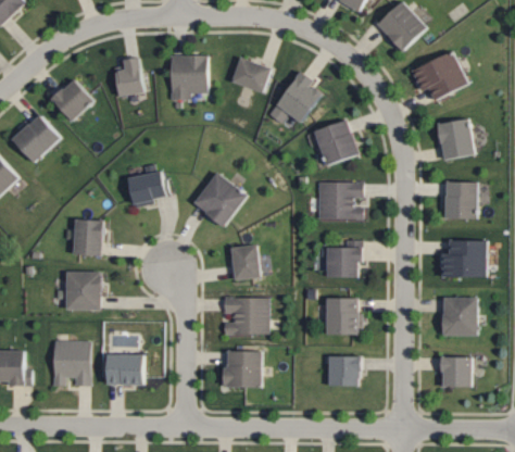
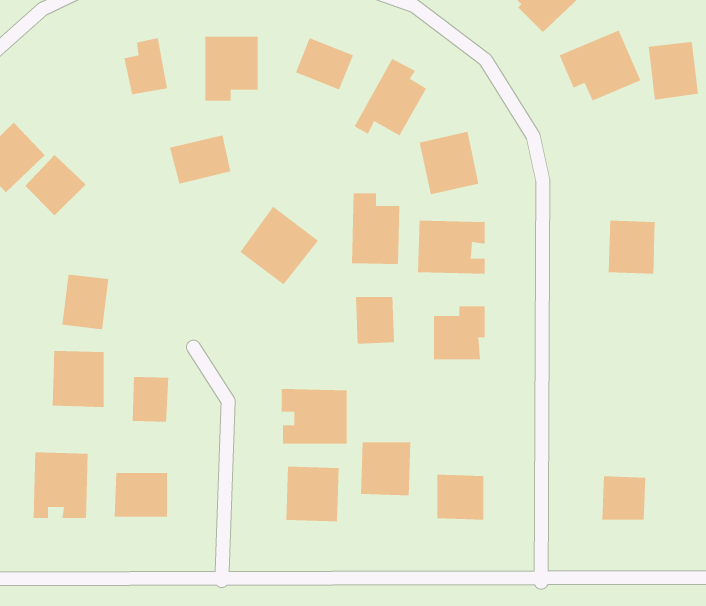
building: [51,78,93,121] -> [24,154,86,216]
building: [438,118,473,159] -> [648,42,699,100]
building: none -> [352,192,400,265]
building: [124,171,166,204] -> [169,135,231,184]
building: [441,240,487,277] -> none
building: [230,246,258,278] -> [355,297,395,344]
building: none -> [132,376,169,423]
building: [442,297,477,336] -> none
building: [324,298,359,335] -> [360,442,411,496]

